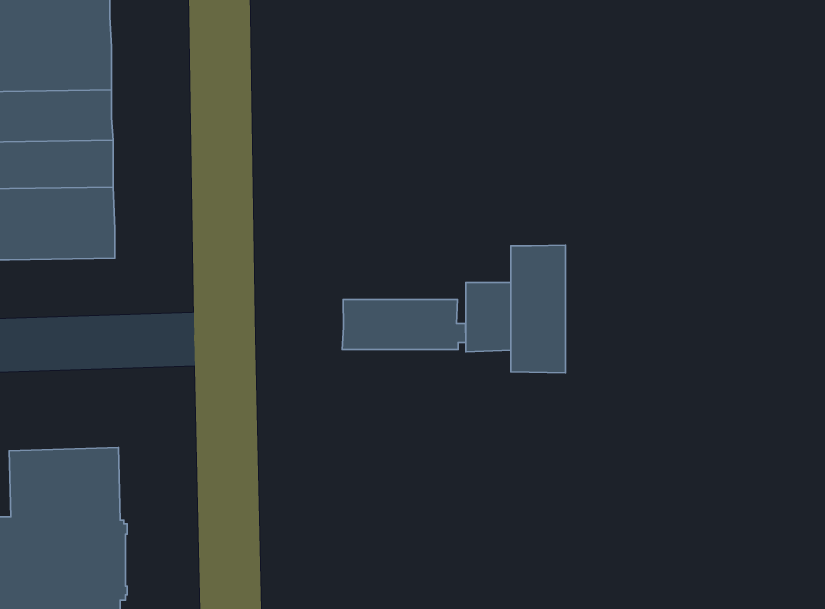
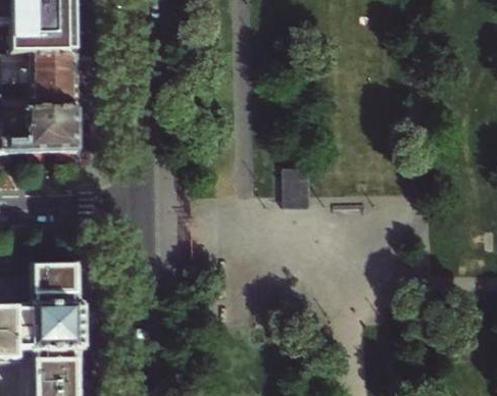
building: [511,245,565,373] -> none
building: [342,300,466,349] -> none

